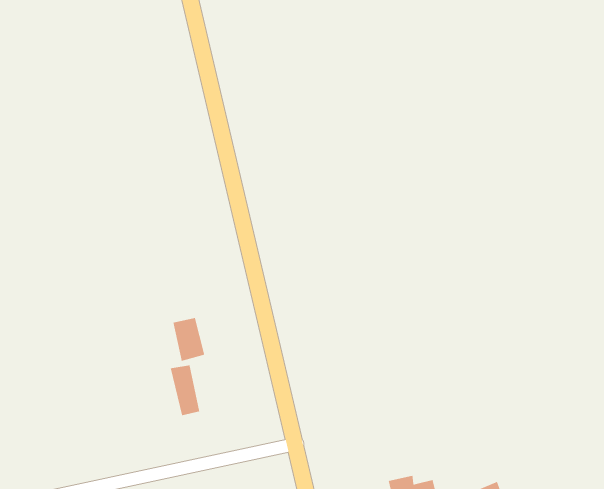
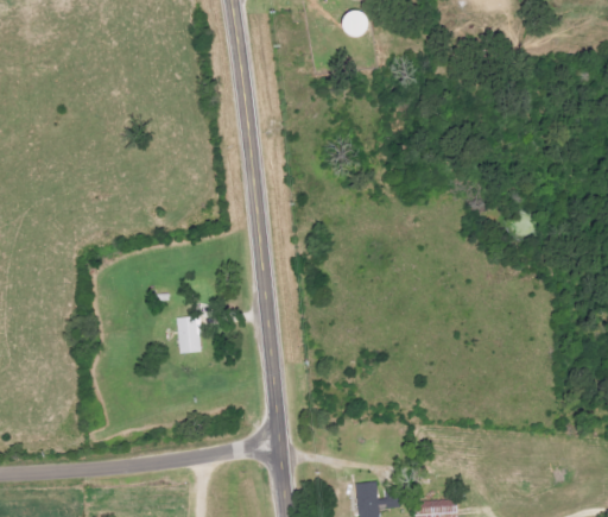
building: [170,365,200,416] -> none

